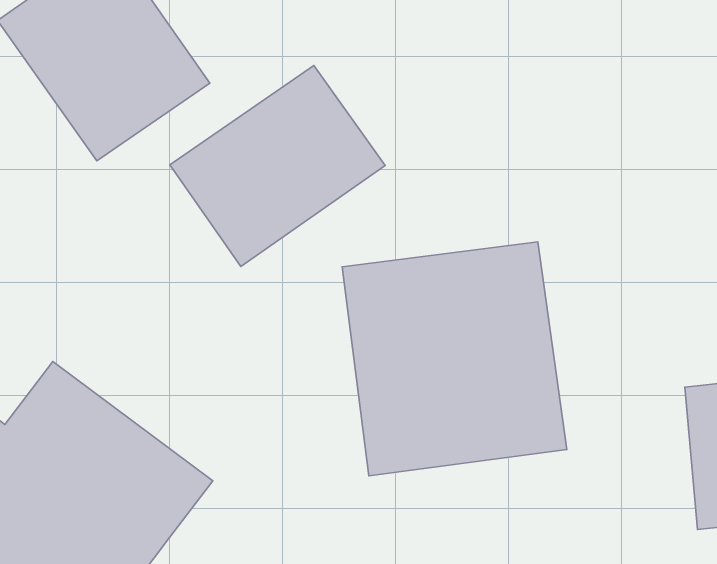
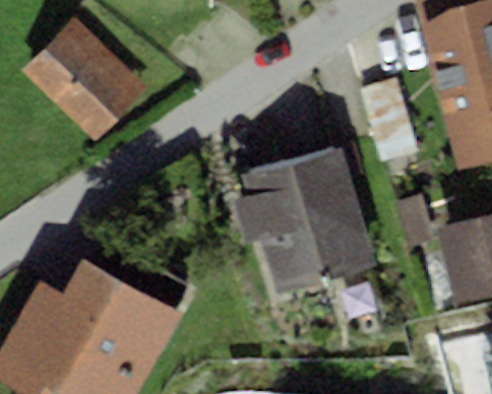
building: [170,65,385,267] -> none

